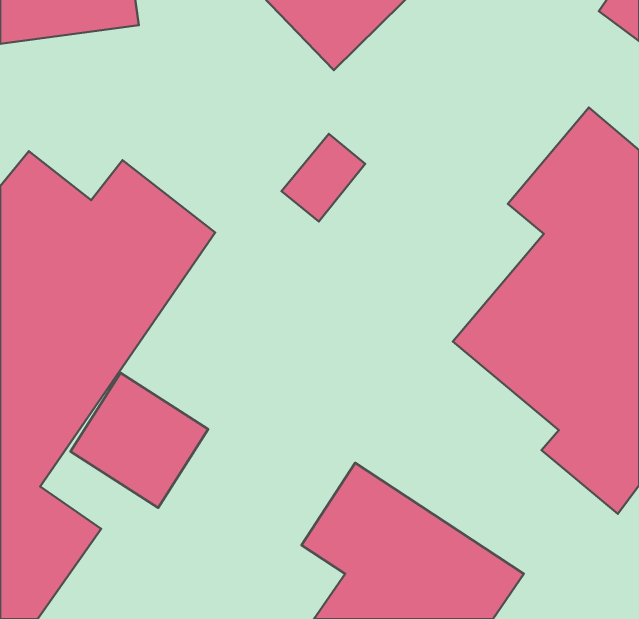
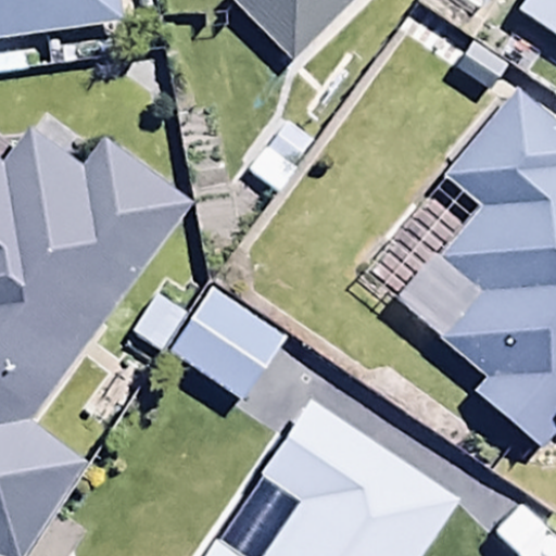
building: [71,373,208,508] -> [167,287,287,404]

